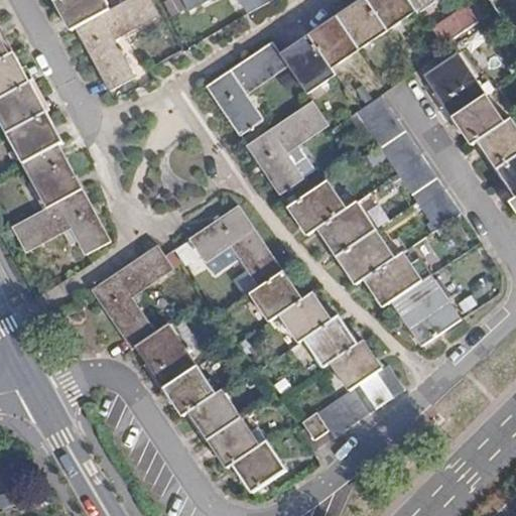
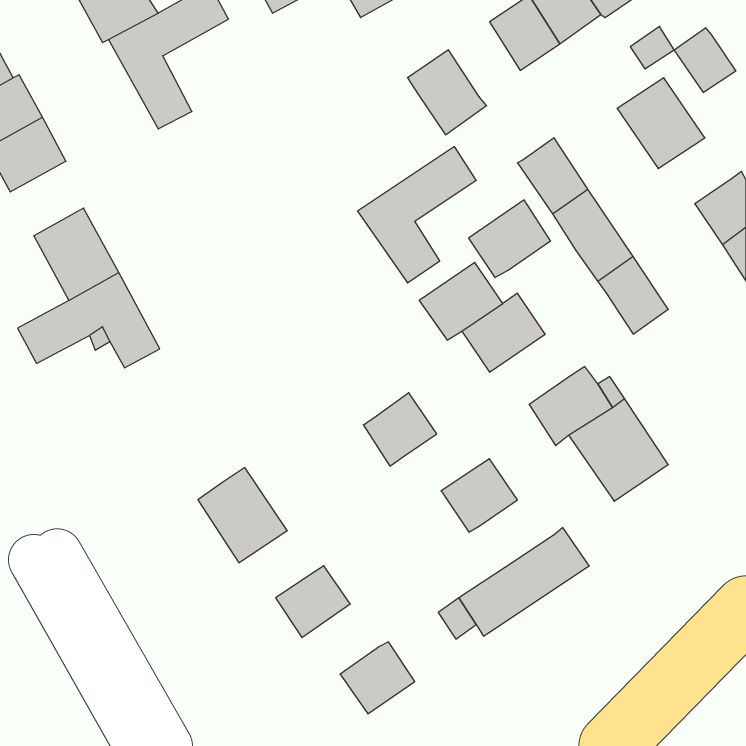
building: [308,15,358,67] -> none
building: none -> [674,28,736,93]
building: [206,41,287,135] -> none
building: [453,95,503,144] -> none
building: [7,111,61,162] -> none
building: [189,207,281,286] -> none
building: [337,230,393,283] -> [469,200,551,278]
building: [92,245,172,347] -> none
building: [278,291,331,342] -> none
building: [330,340,381,390] -> none
building: [164,365,217,415] -> none
building: [208,415,261,468] -> none

